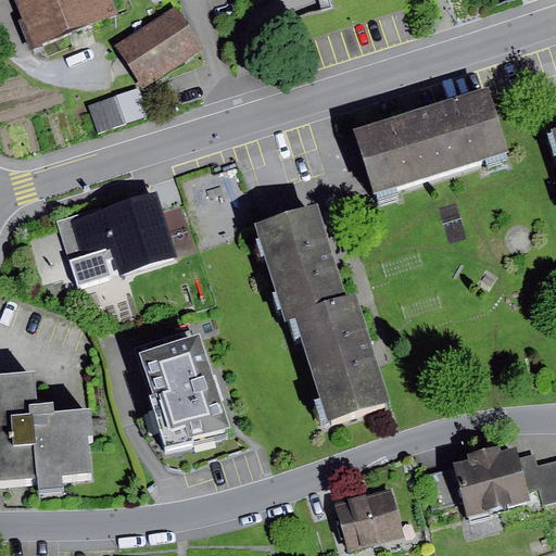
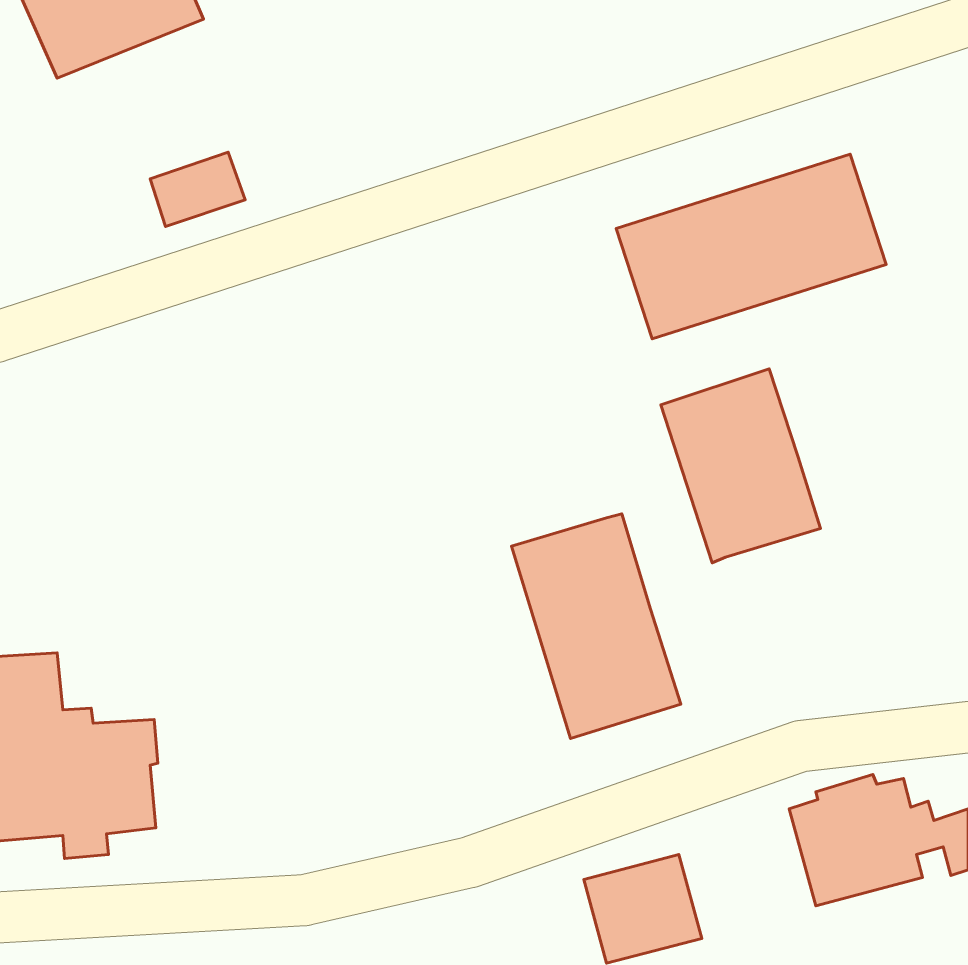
building: [116,10,201,88] -> none
building: [55,187,175,283] -> none
building: [255,204,346,315] -> [661,369,821,563]
building: [138,334,228,450] -> none

